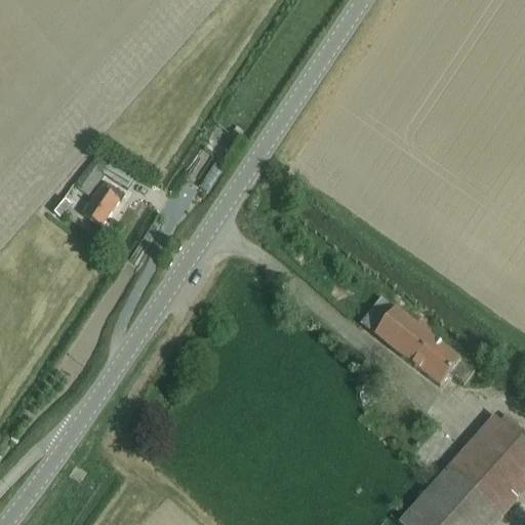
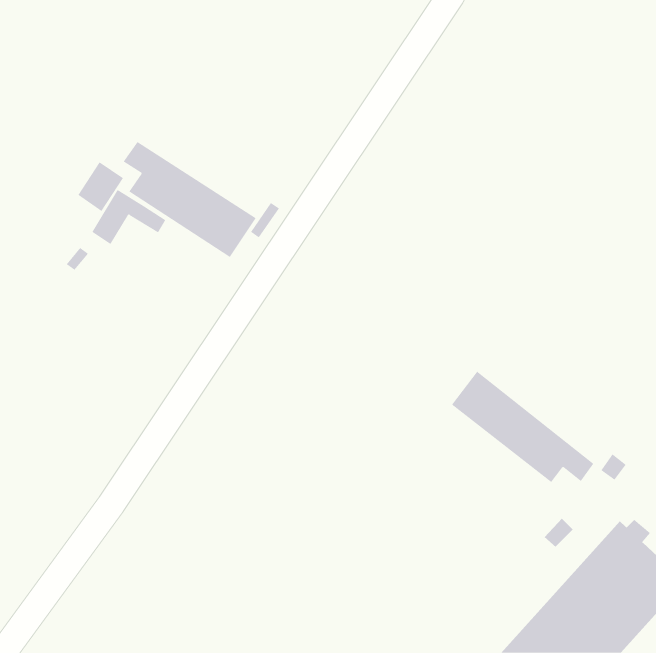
building: none -> [123,141,256,258]
building: [83,186,120,226] -> [77,161,124,212]

